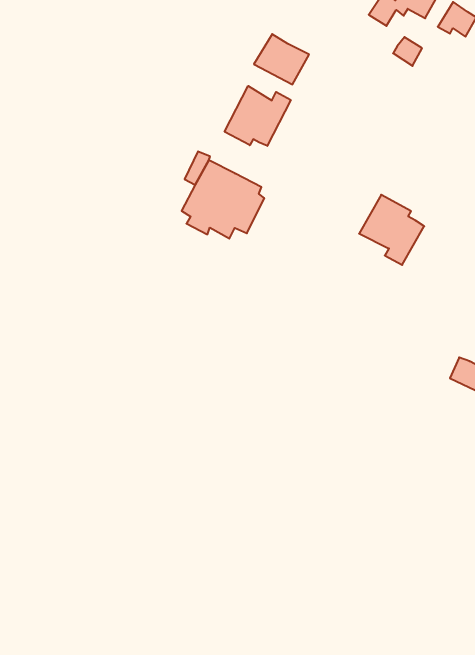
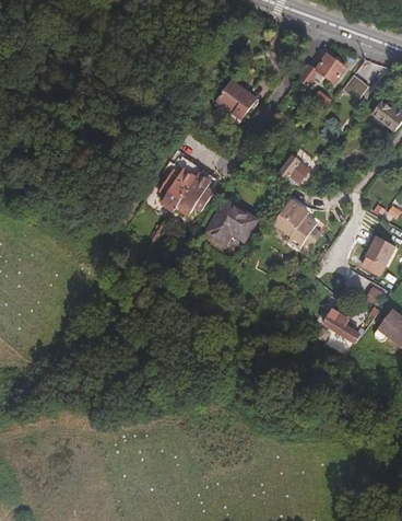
building: [225,86,291,146] -> none
building: none -> [273,153,310,184]
building: none -> [202,197,255,243]

